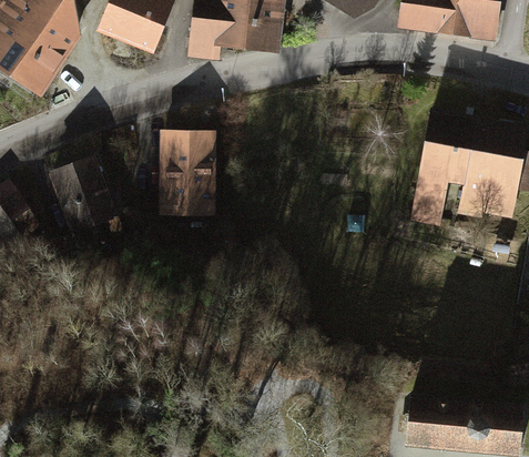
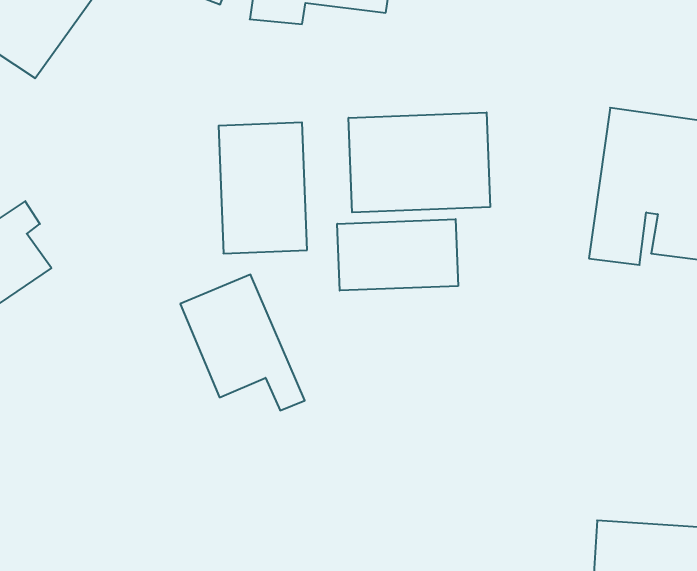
building: none -> [349,112,490,212]
building: [49,150,133,242] -> [180,275,305,410]
building: none -> [337,219,458,291]

